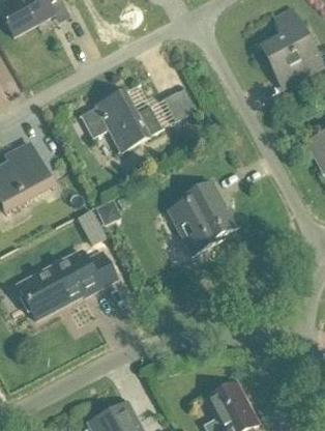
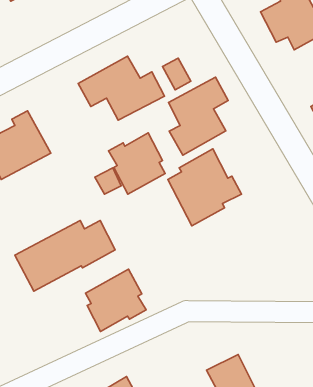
building: none -> [168,77,228,155]
building: none -> [109,133,165,194]
building: none -> [85,269,146,332]

